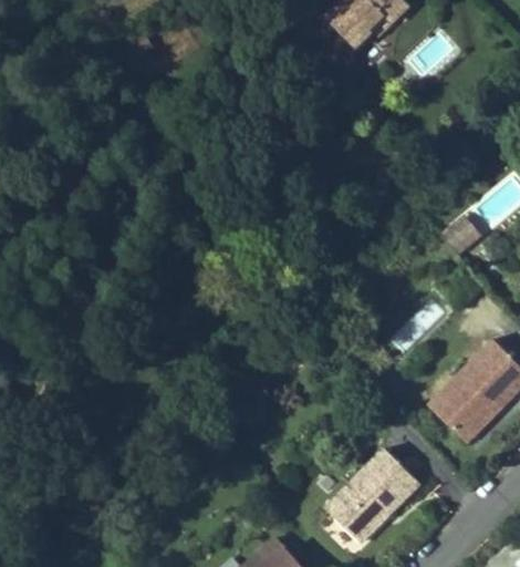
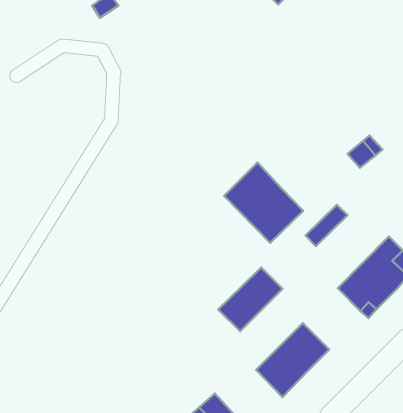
building: none -> [224,163,303,243]
building: none -> [218,267,283,331]

